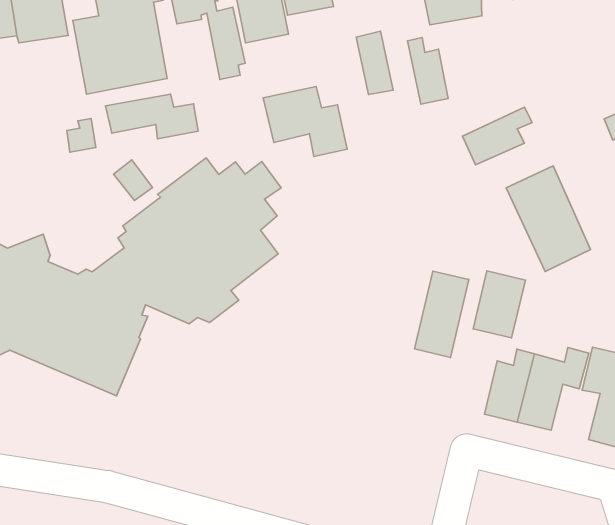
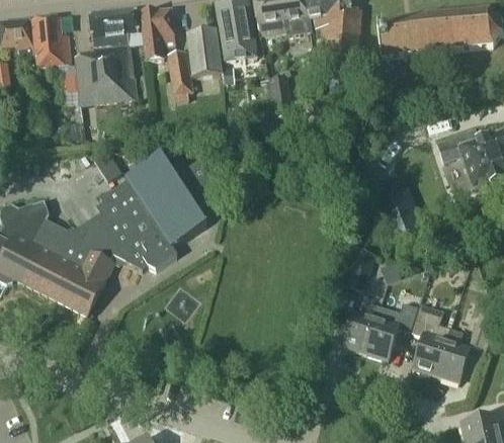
building: [407,37,448,104] -> none
building: [263,87,347,157] -> none
building: [106,94,198,139] -> none
building: [462,107,532,165] -> none
building: [414,271,469,357] -> none

